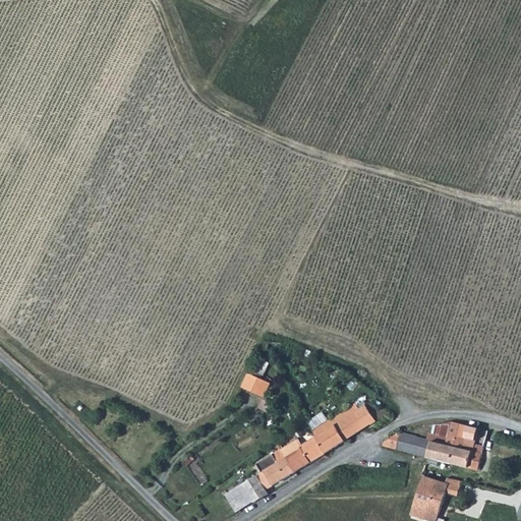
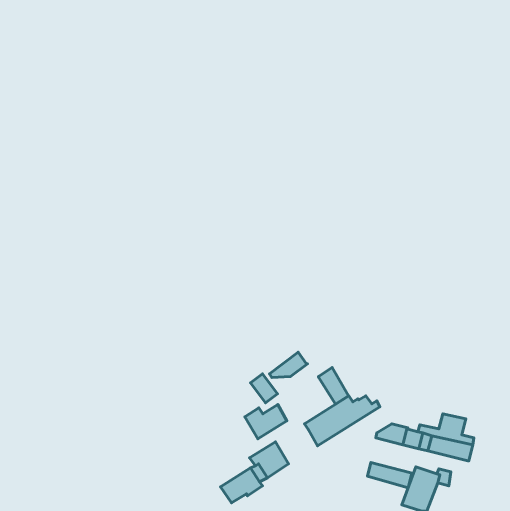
building: none -> [269,352,308,377]
building: none -> [318,368,349,404]
building: [280,437,323,471] -> [245,405,287,439]
building: none -> [367,462,412,488]

